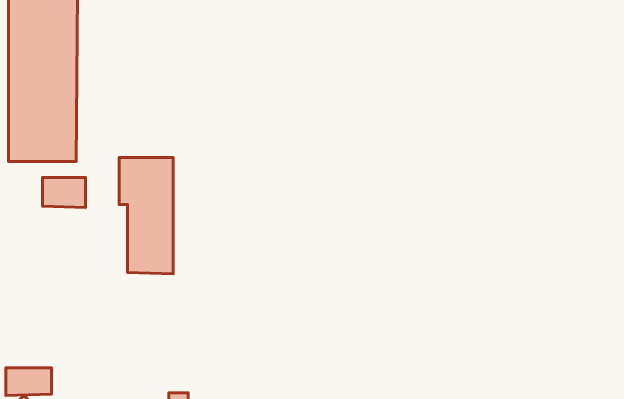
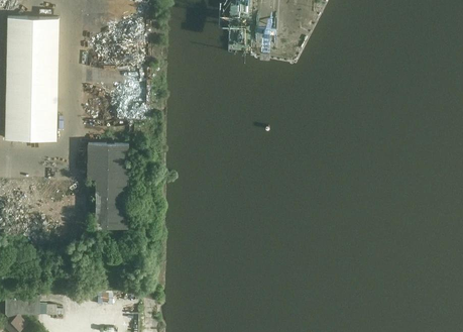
building: [42,178,85,208] -> none

